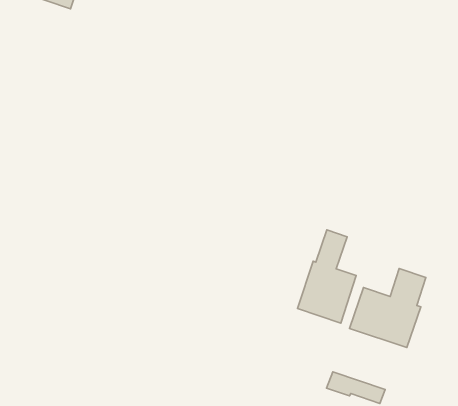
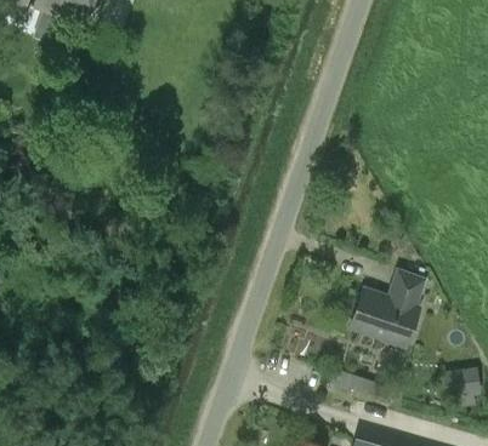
building: [298,230,356,323] -> none

